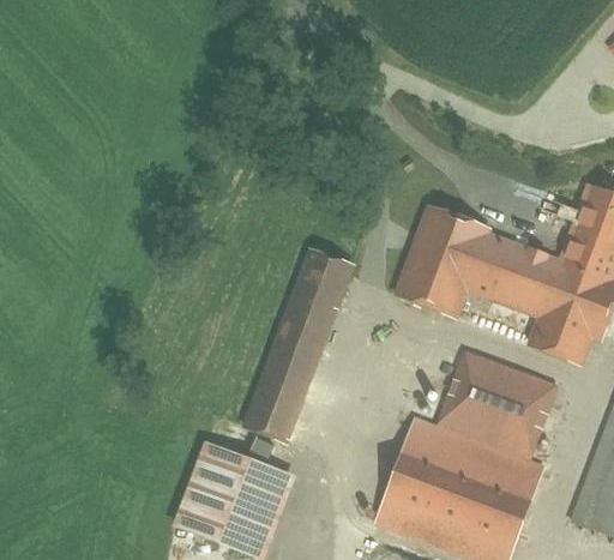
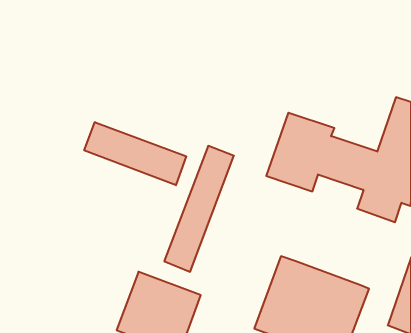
building: none -> [84,122,186,185]
building: [438,347,562,459] -> none

